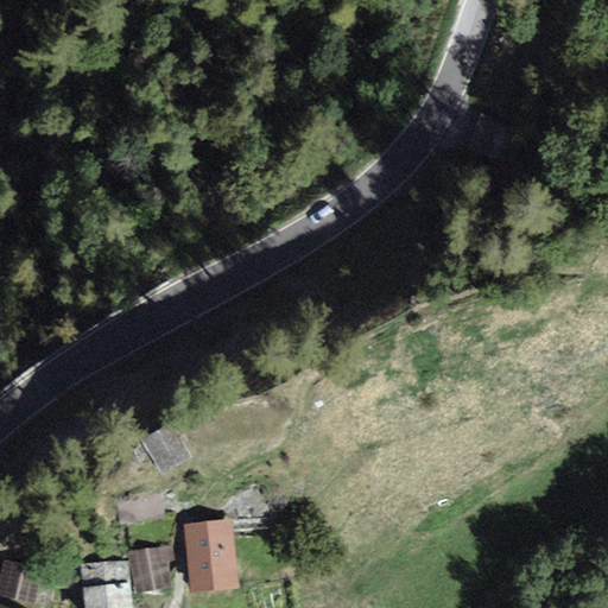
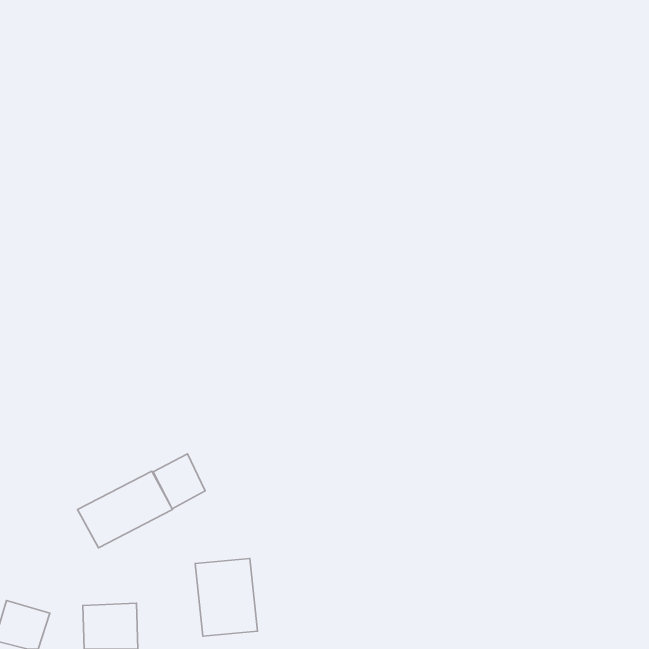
building: none -> [78,471,173,548]
building: [127,545,172,594] -> none

